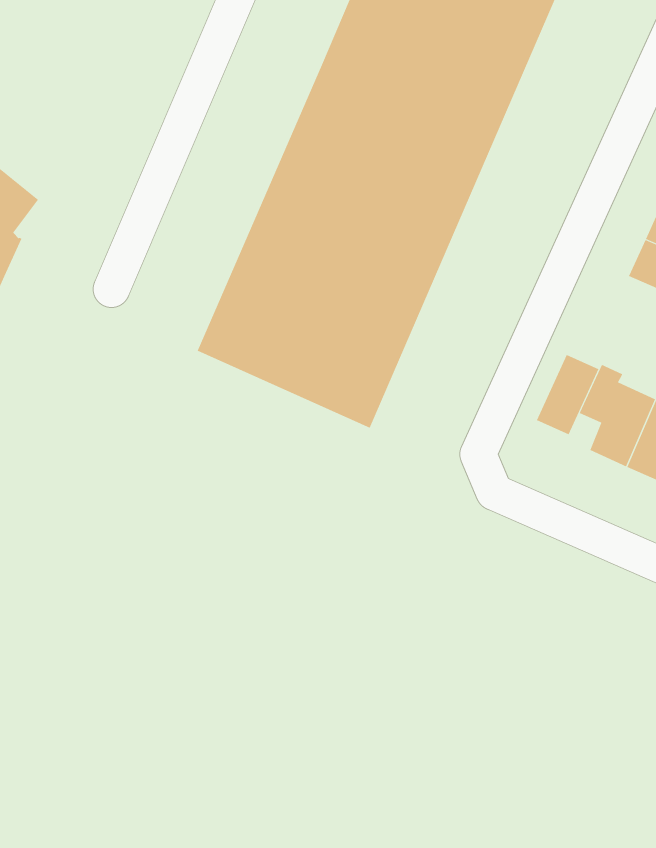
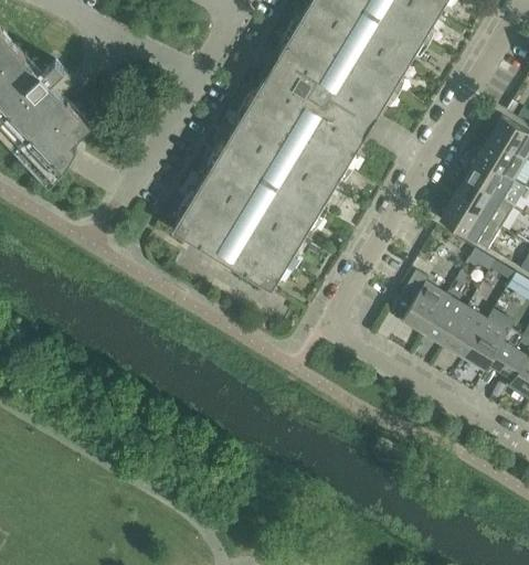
building: [536,354,599,435] -> none

